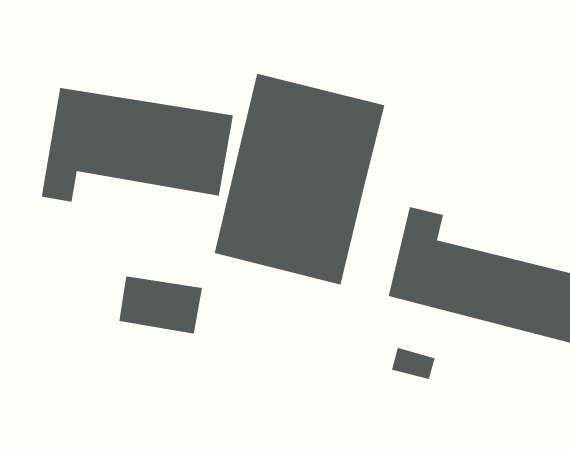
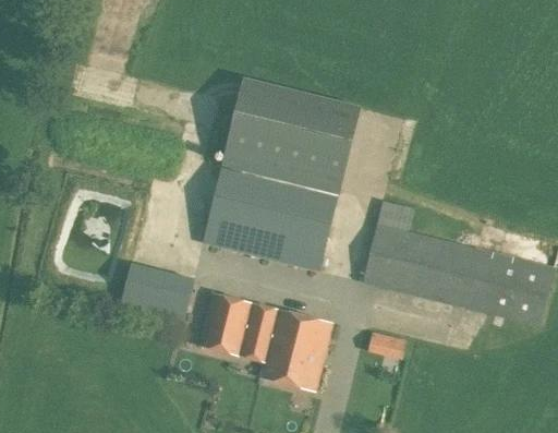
building: [41,87,233,203] -> none
building: none -> [198,292,332,390]

